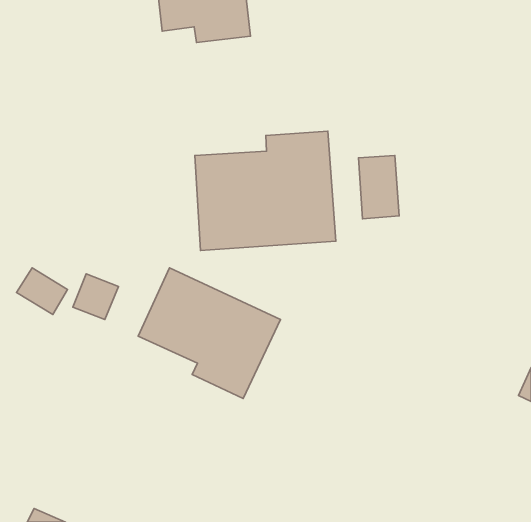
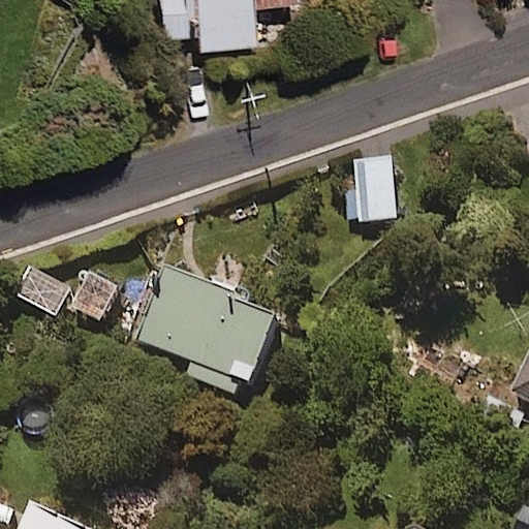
building: [195,131,336,250] -> none

